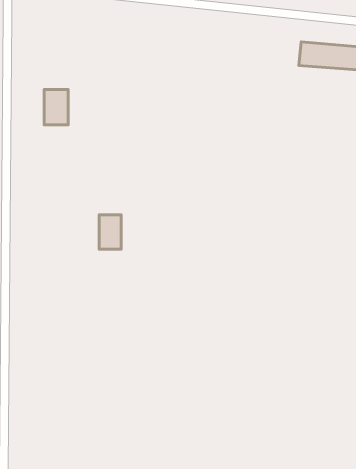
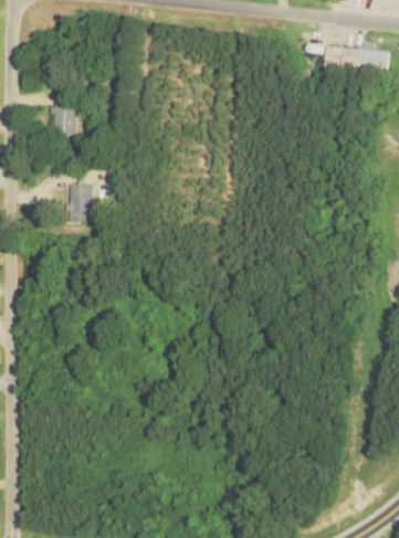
building: [99,215,121,249] -> [70,183,93,220]

